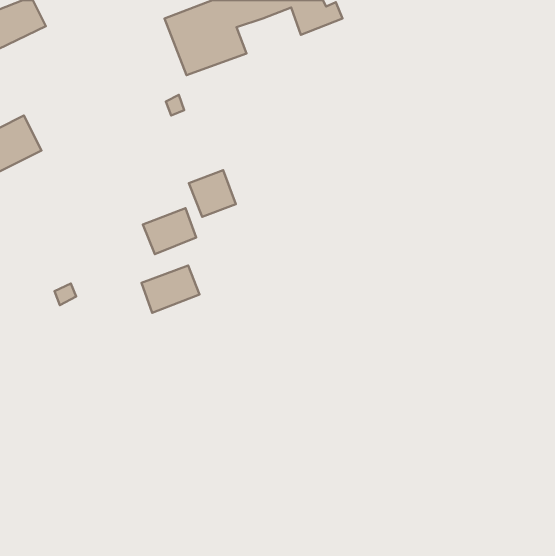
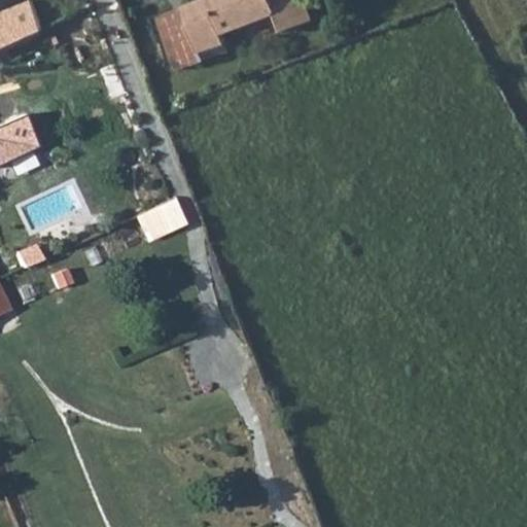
building: [189,170,236,217] -> none
building: [141,265,200,313] -> none

